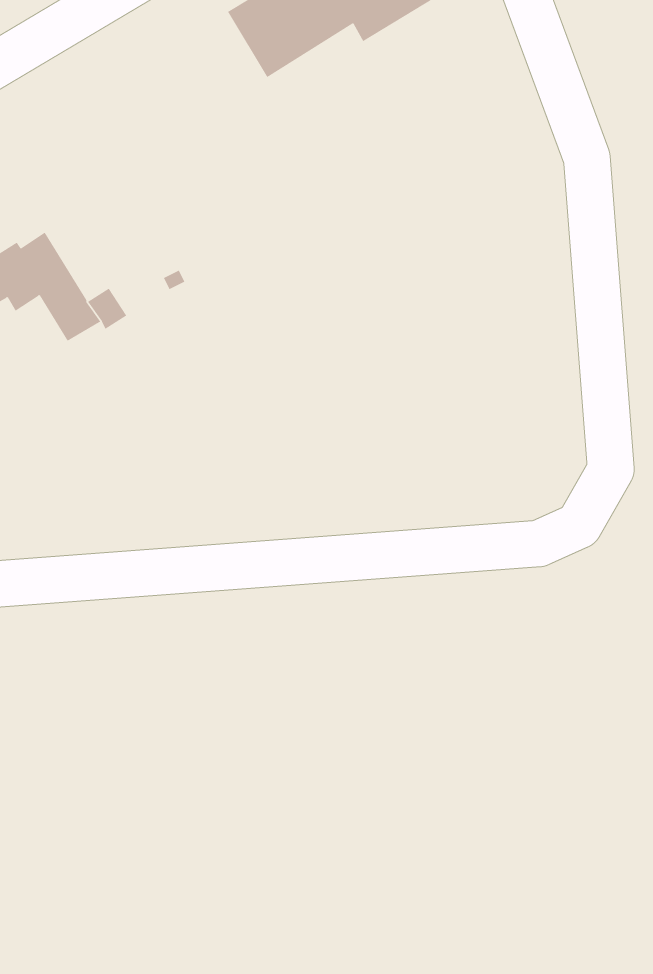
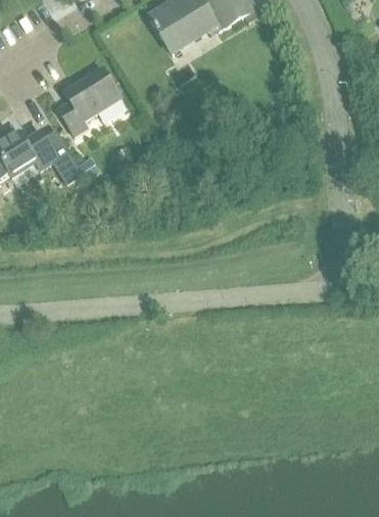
building: none -> [57,67,120,135]

